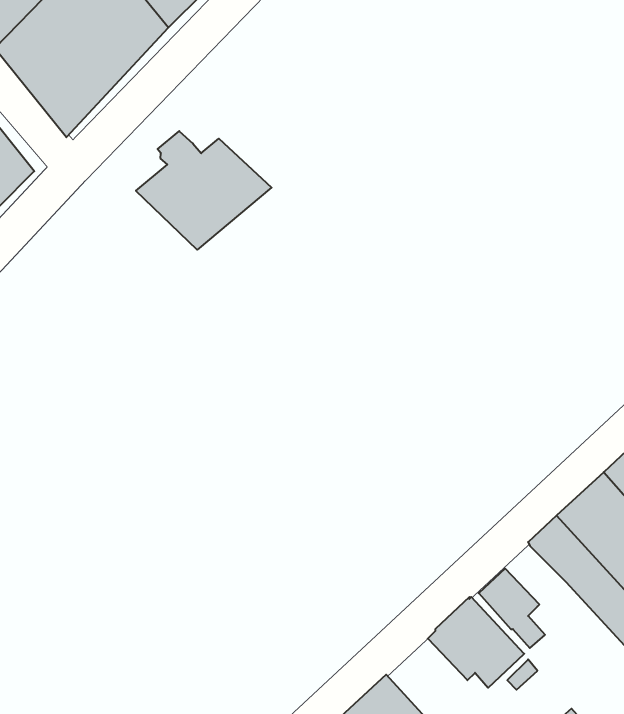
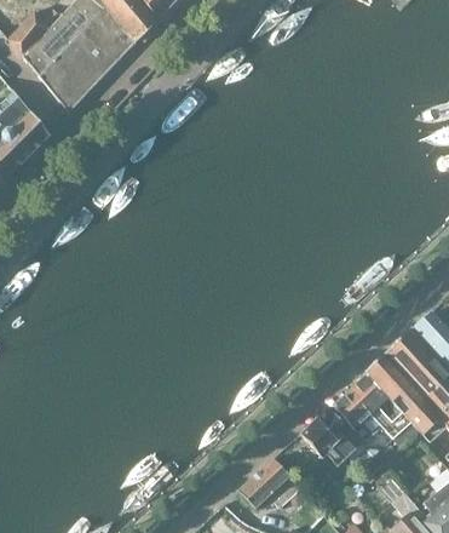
building: [136,131,272,250] -> none
building: none -> [349,376,399,439]

